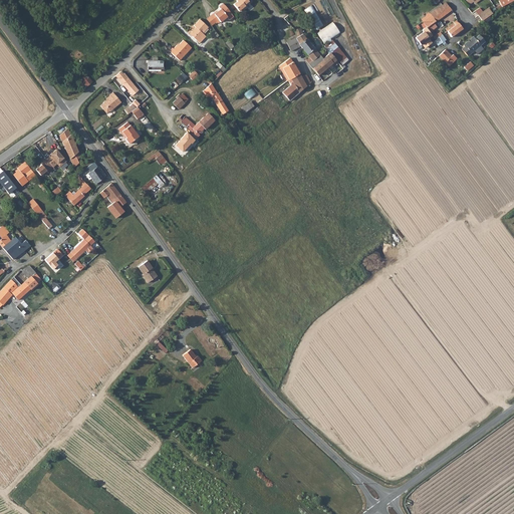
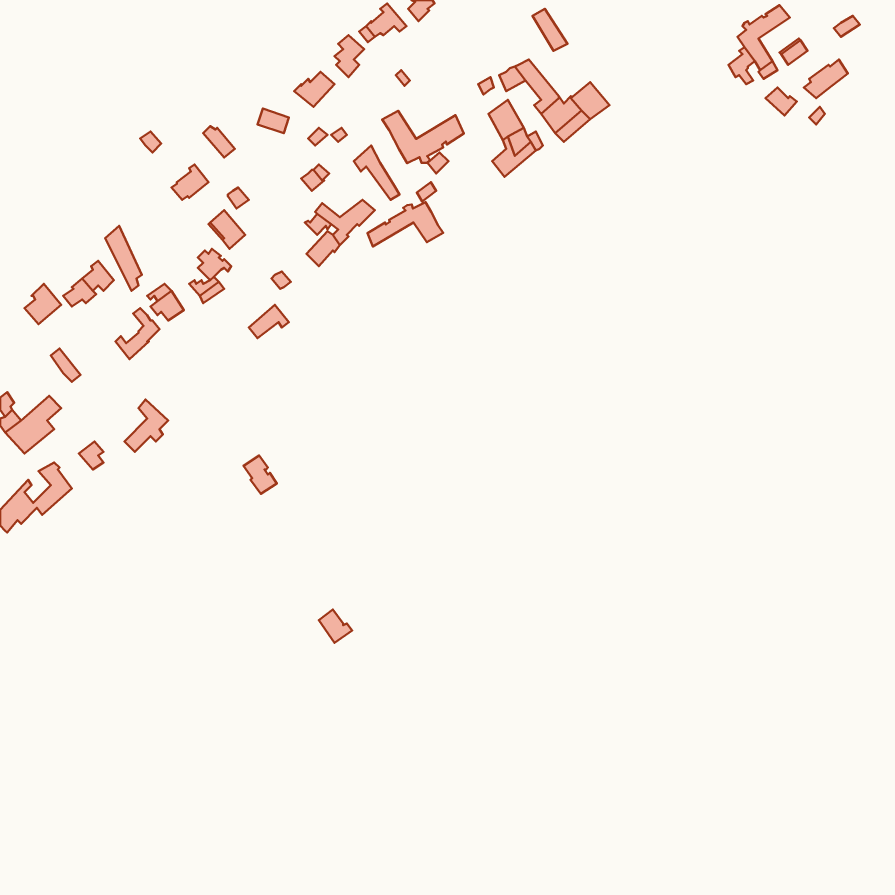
building: none -> [382,111,464,163]
building: none -> [368,202,443,247]
building: [101,183,127,218] -> none

